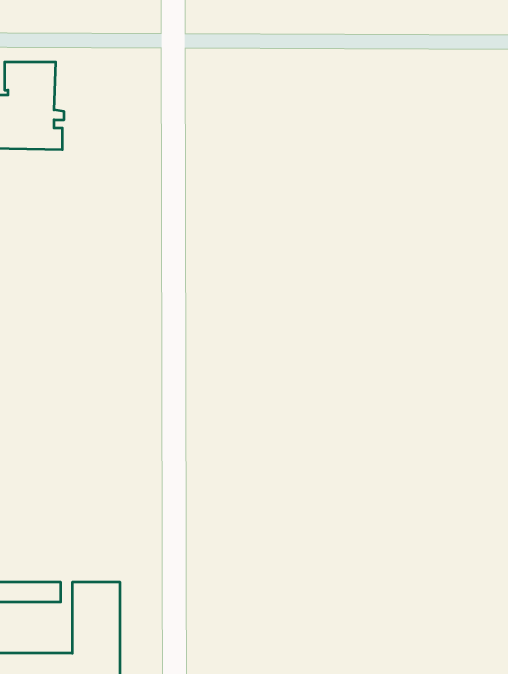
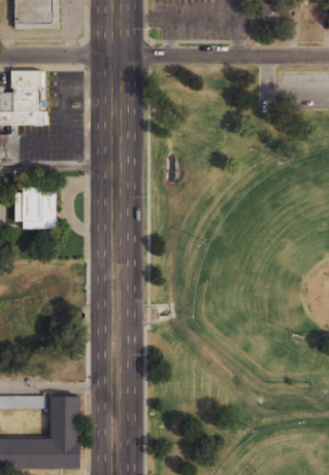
building: none -> [14,186,55,228]

